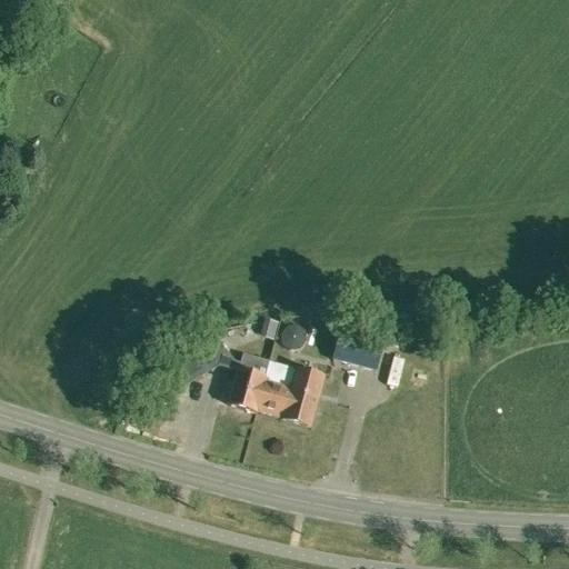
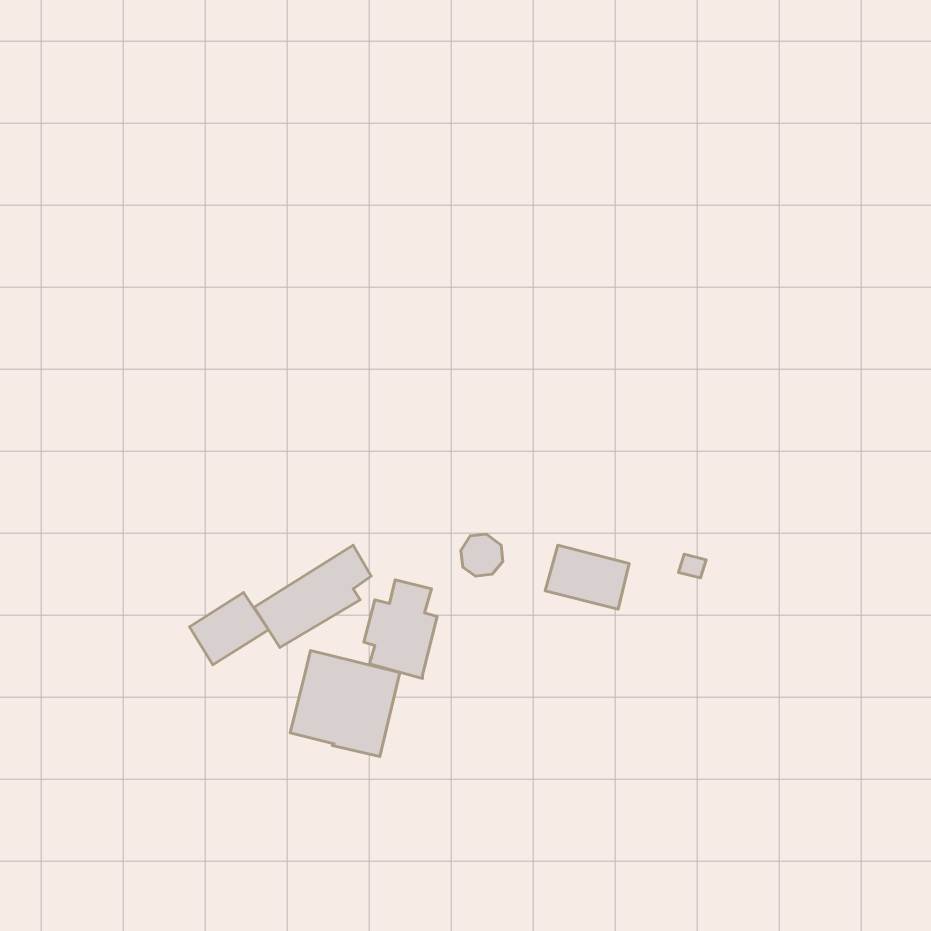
building: none -> [190,592,268,665]
building: [259,360,326,425] -> [290,650,400,757]

